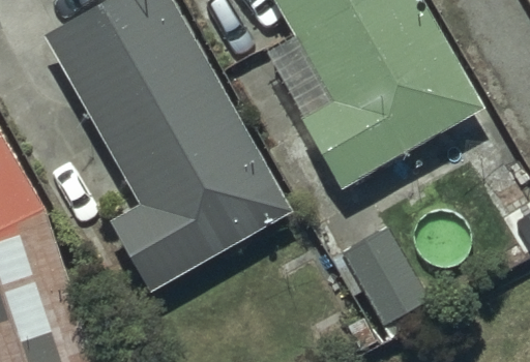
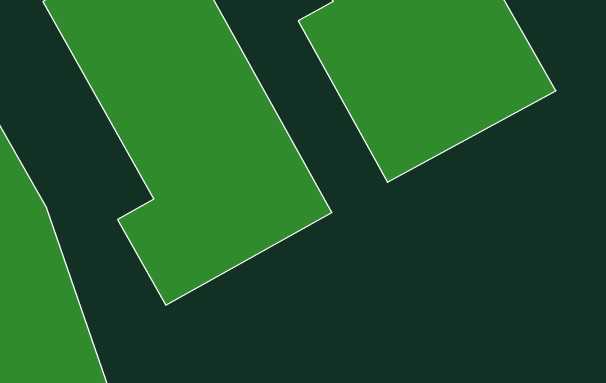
building: [340,227,436,355] -> none

